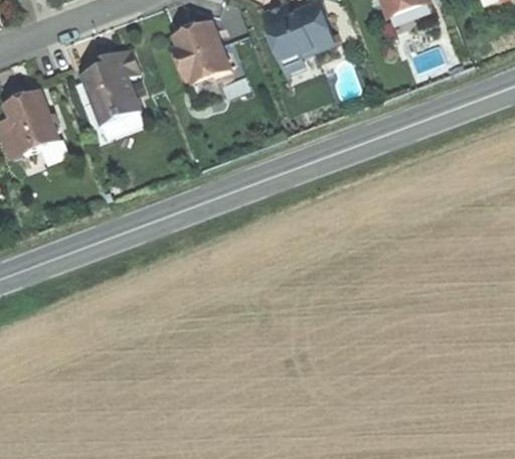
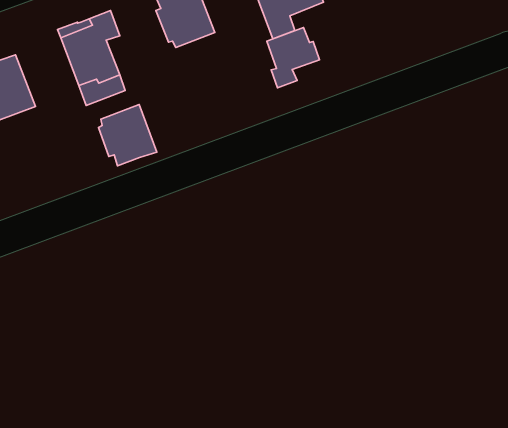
building: none -> [267,27,320,88]
building: none -> [98,105,157,166]

